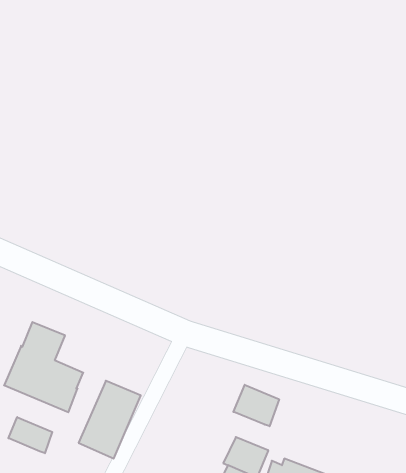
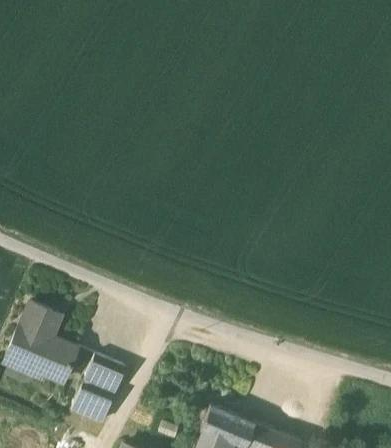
building: [233,385,279,426] -> none
building: [8,417,52,453] -> none

